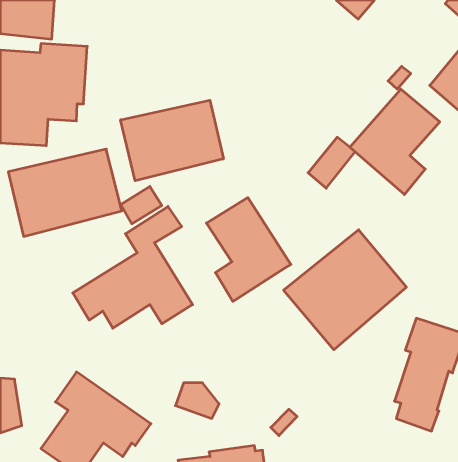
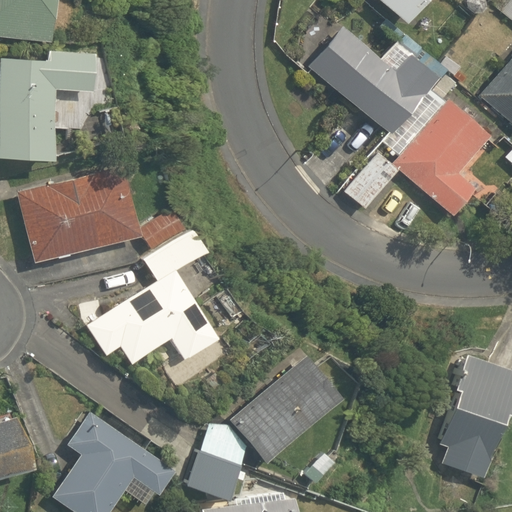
building: none -> [308,27,447,133]
building: [121,100,223,181] -> none
building: [206,198,291,301] -> none
building: [284,230,406,350] -> none
building: none -> [229,354,344,462]
building: none -> [187,449,240,500]

